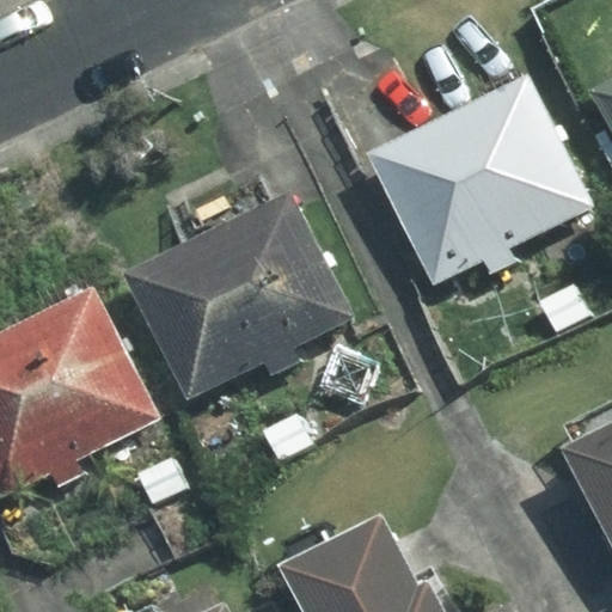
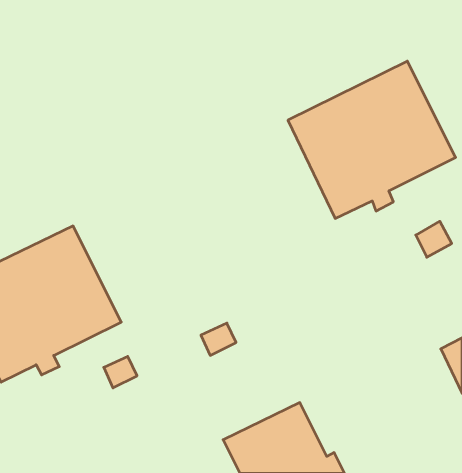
building: [126,194,350,397] -> none

